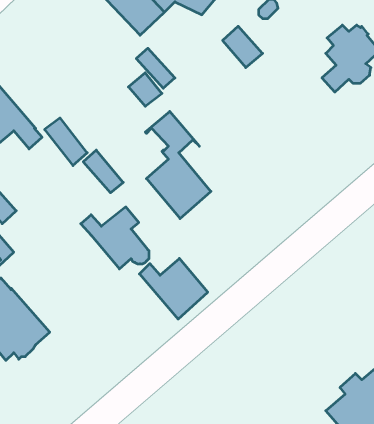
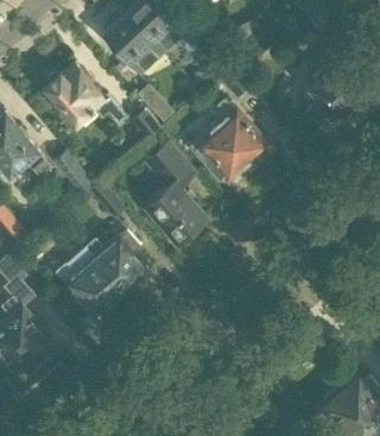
building: none -> [43,63,126,125]
building: none -> [200,99,264,181]
building: [139,258,208,319] -> [58,257,121,312]

